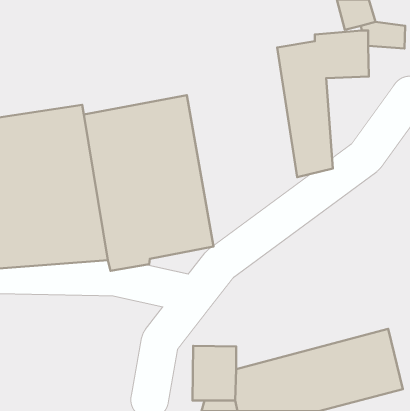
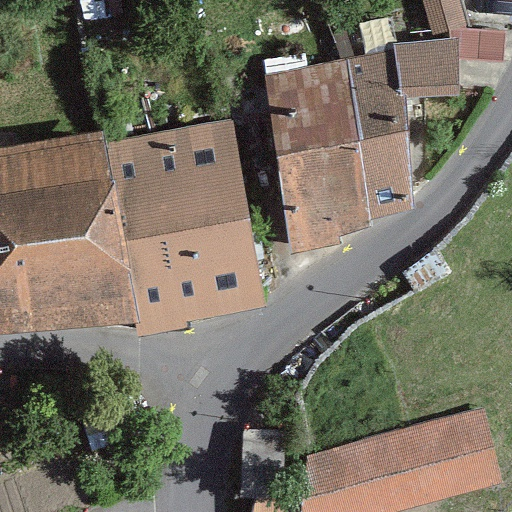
building: none -> [264,59,369,254]

